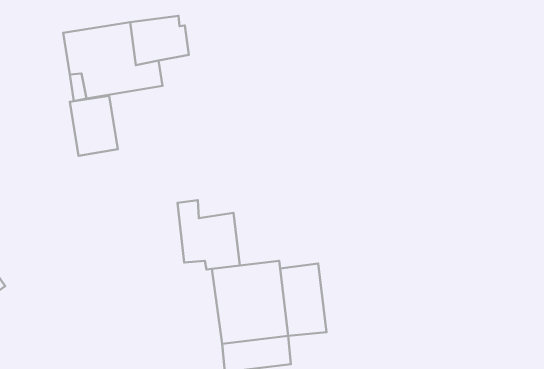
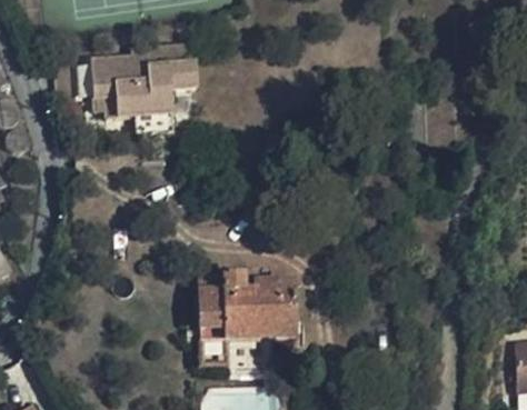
building: [70,96,118,156] -> none
building: [177,200,240,270] -> none

